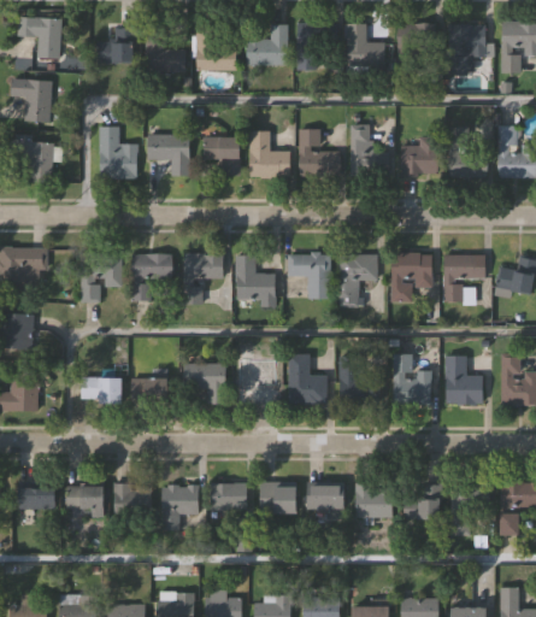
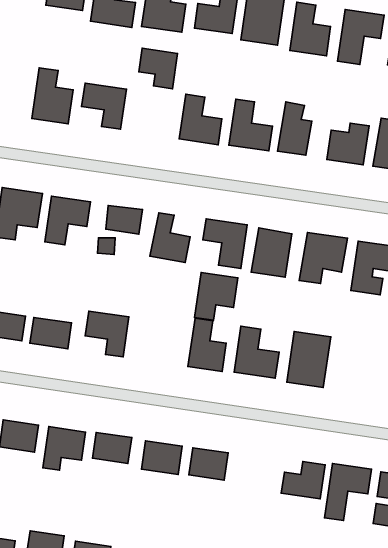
building: [204,137,240,174] -> [139,48,178,89]
building: [444,355,483,404] -> none
building: [238,358,276,404] -> [195,273,238,320]
building: [355,483,391,517] -> none

